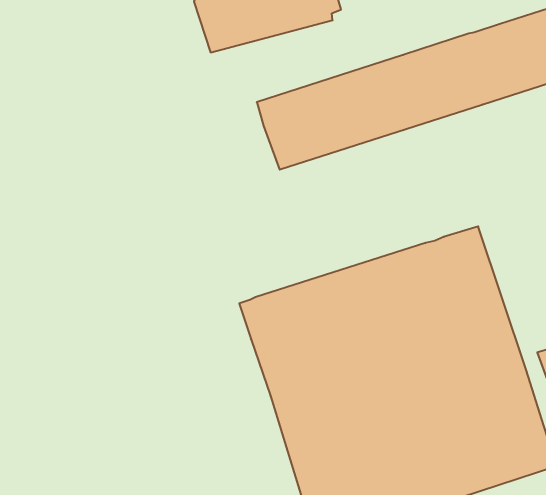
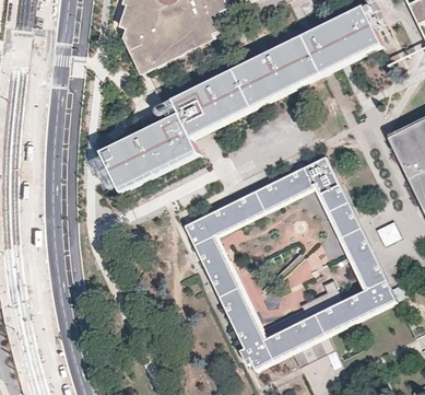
building: none -> [101,112,201,193]

